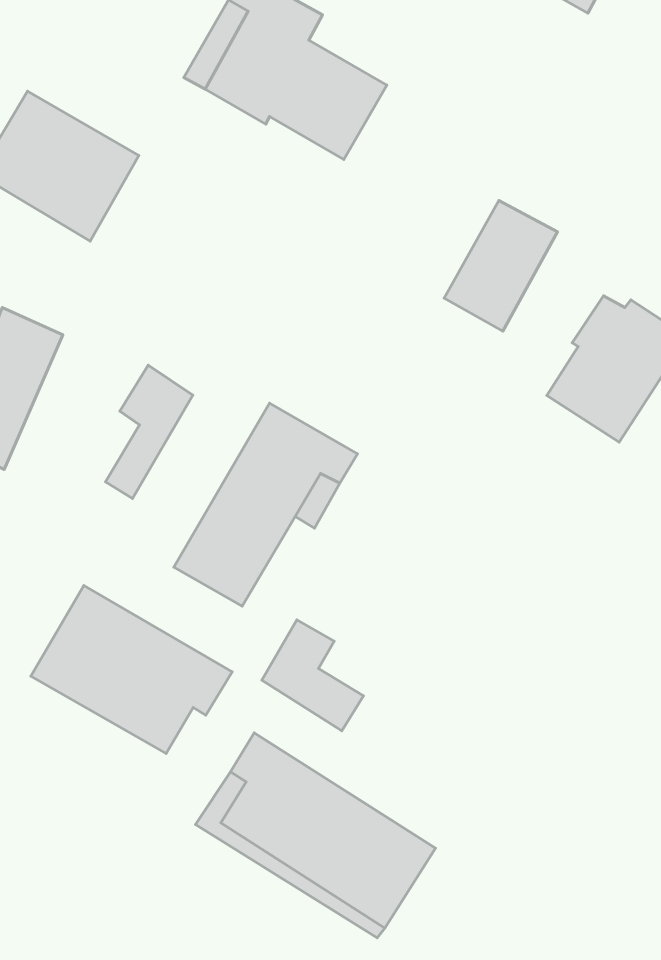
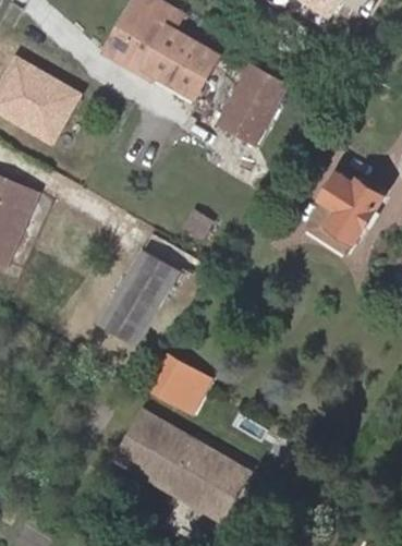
building: [444,201,557,331] -> [221,65,284,138]
building: [106,365,193,498] -> none
building: [31,586,232,753] -> none

